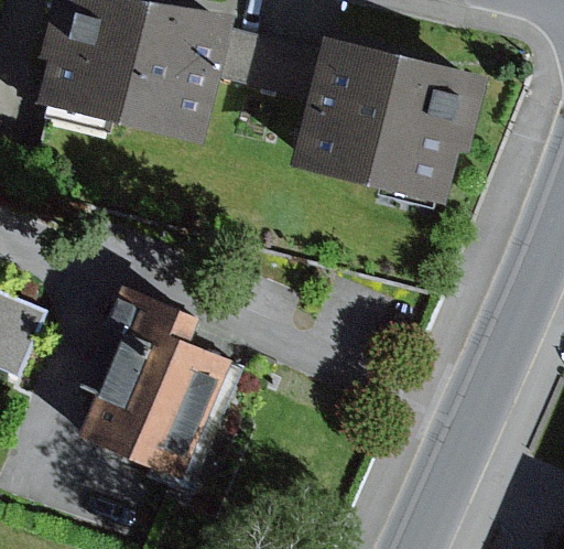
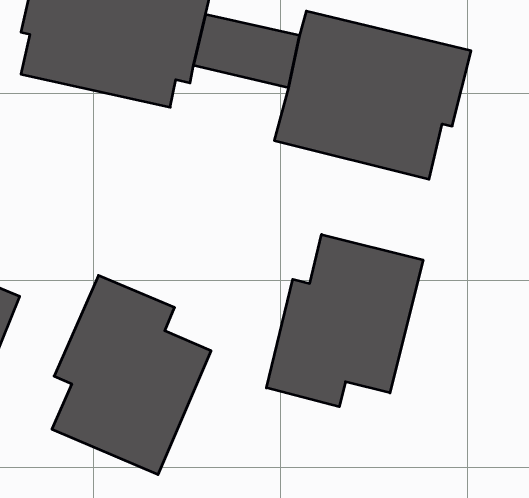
building: none -> [266,234,423,407]

